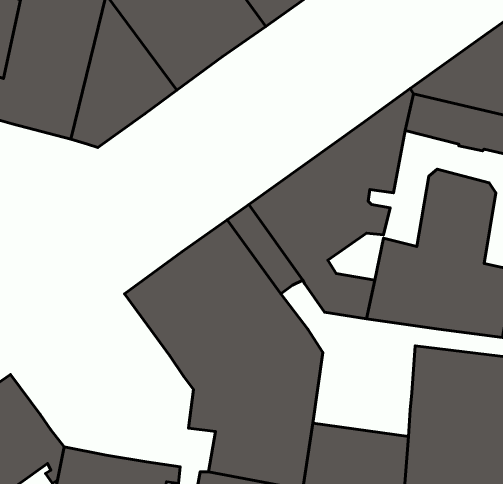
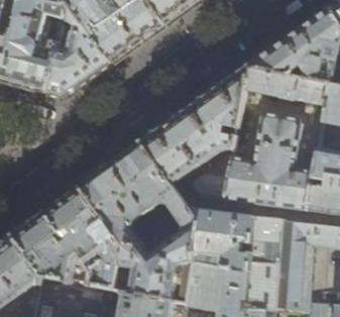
building: none -> [11,185,121,290]
building: none -> [190,206,254,271]

